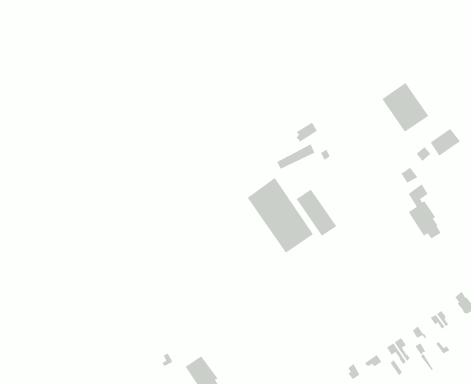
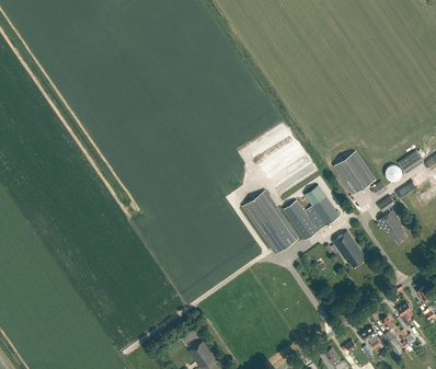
building: [381,82,429,133] -> [334,151,375,194]
building: none -> [305,185,340,230]
building: none -> [332,230,366,267]

